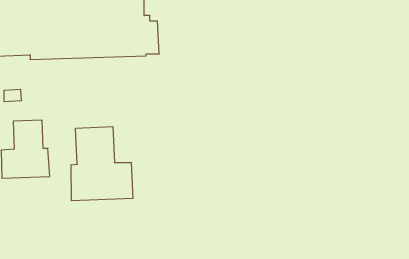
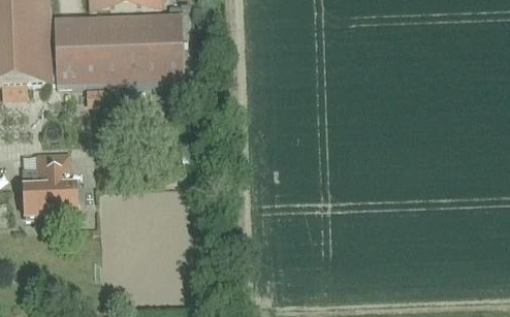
building: [71,127,133,201] -> none

